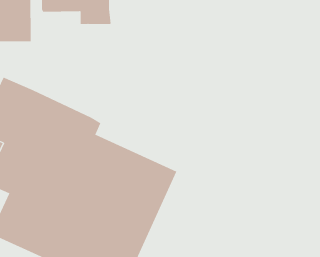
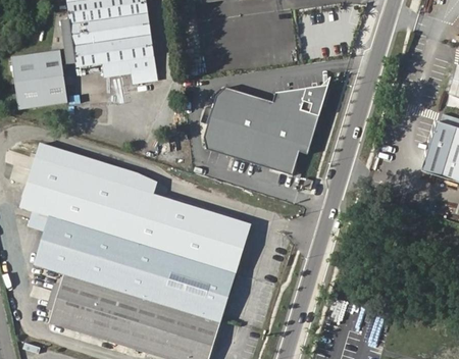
building: none -> [202,86,326,172]

